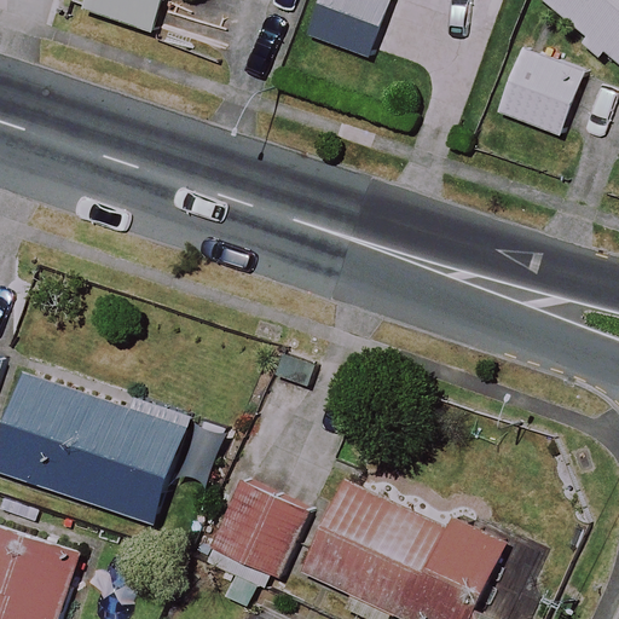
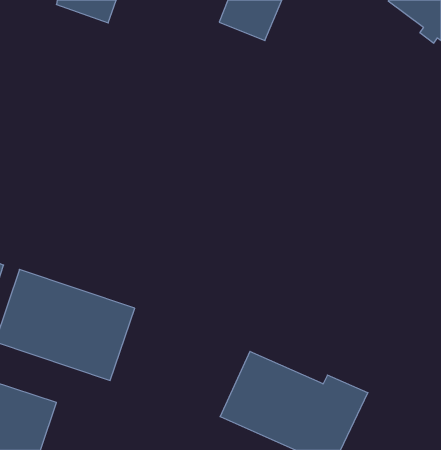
building: [493,48,583,137] -> none
building: [210,480,308,578] -> none

